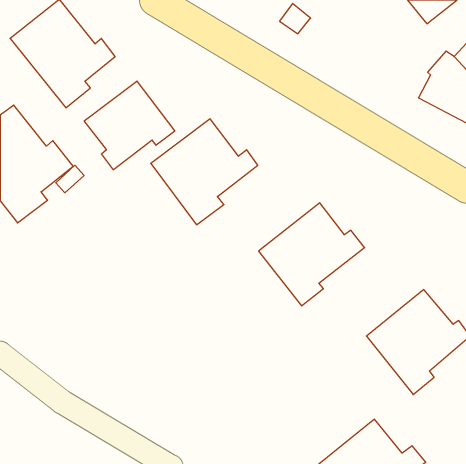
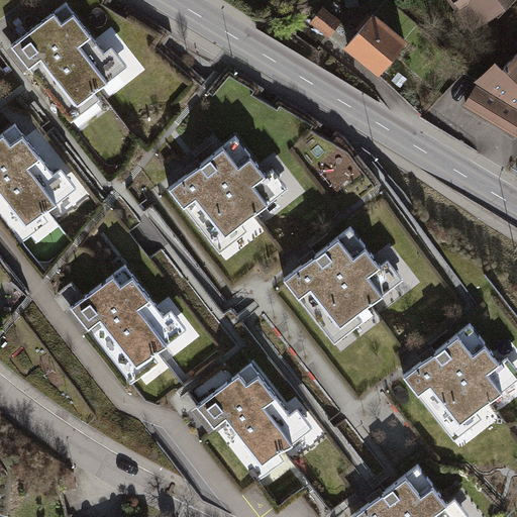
building: none -> [346,12,412,77]
building: [84,81,175,170] -> none
building: none -> [67,264,187,385]
building: none -> [196,361,310,482]

